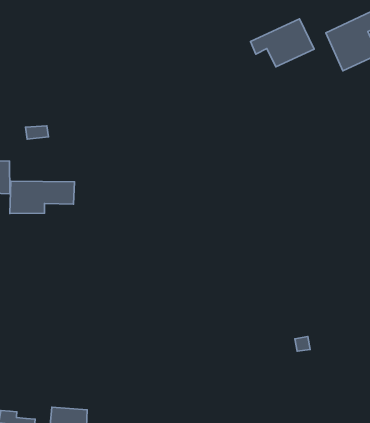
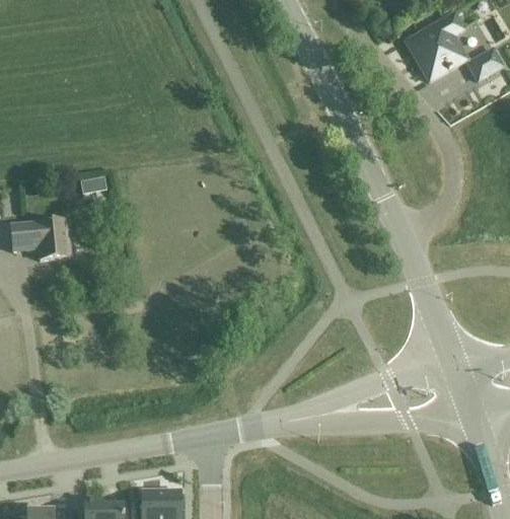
building: [250,19,314,67] -> none
building: [10,181,75,214] -> none

